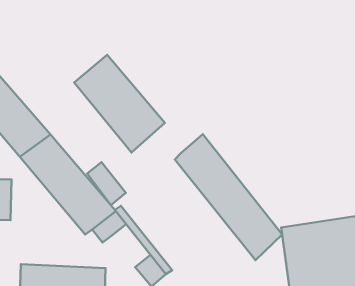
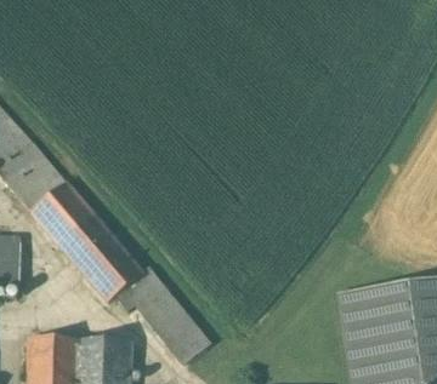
building: [74,55,165,152] -> none
building: [175,134,282,260] -> none
building: [87,162,126,205] -> [138,288,185,339]

